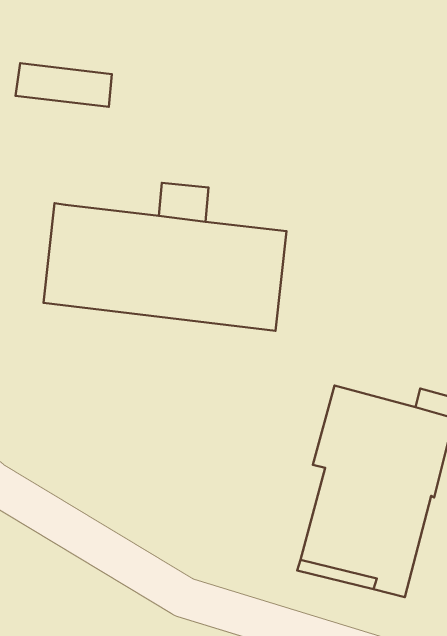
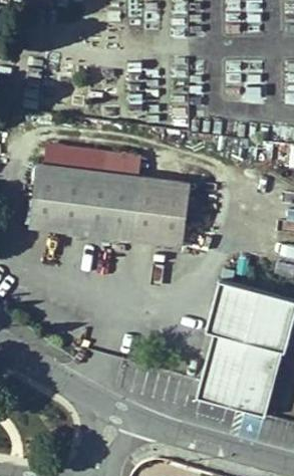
building: [15,63,112,107] -> [46,145,108,173]

